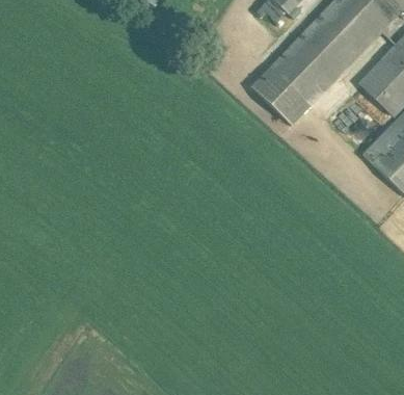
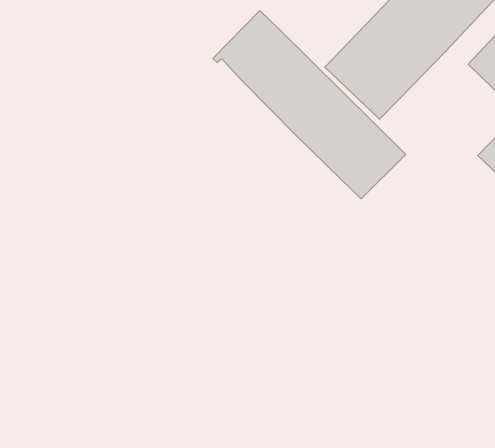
building: none -> [213,11,406,199]

